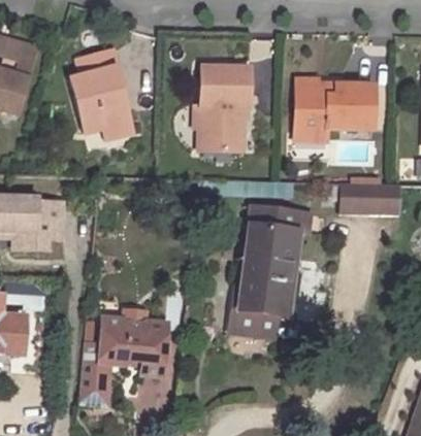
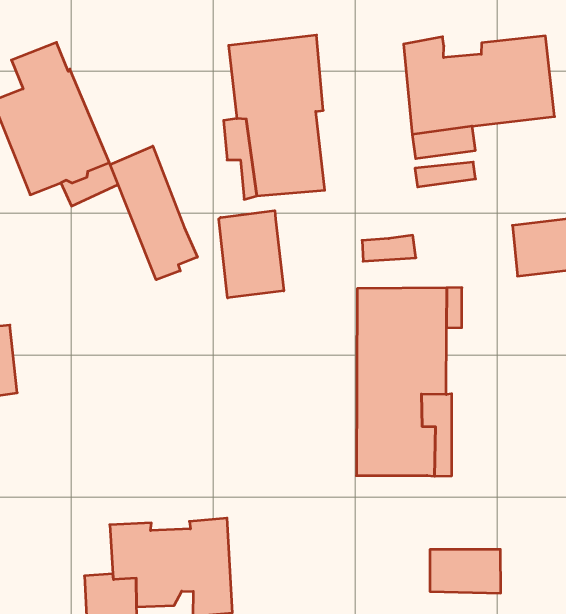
building: none -> [110,146,197,280]
building: none -> [219,211,284,298]
building: [236,307,278,336] -> [430,549,501,593]

